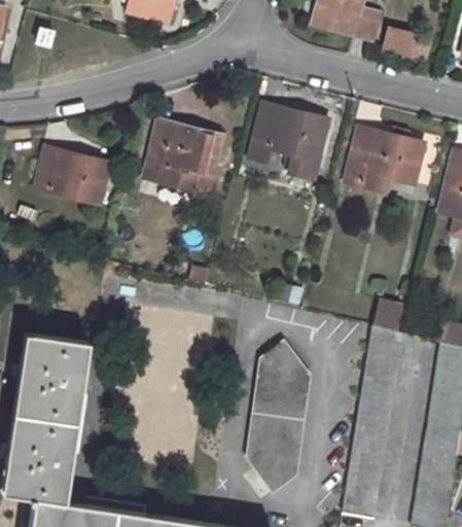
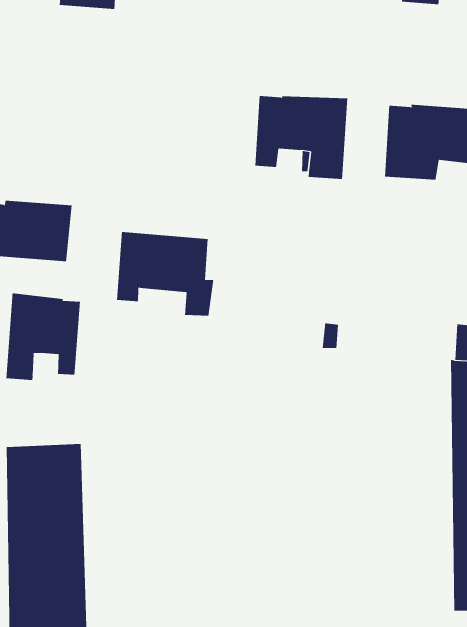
building: [146,119,222,194] -> [116,232,214,316]
building: none -> [6,293,80,381]
building: [247,342,309,490] -> none

